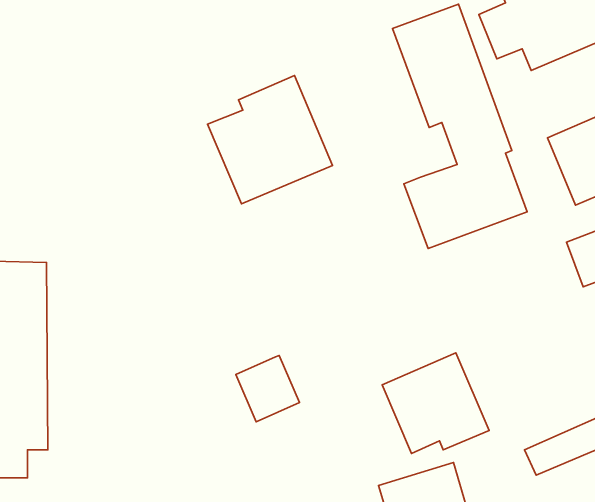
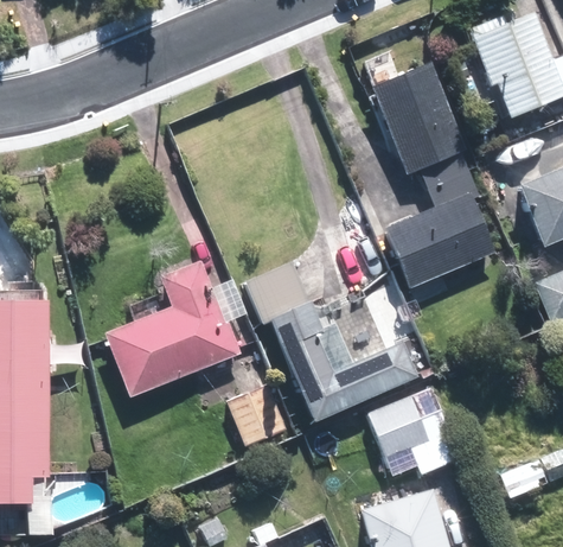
building: [208,76,333,204] -> none
building: none -> [241,262,422,424]
building: none -> [103,267,247,397]

